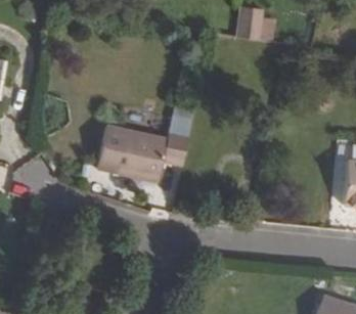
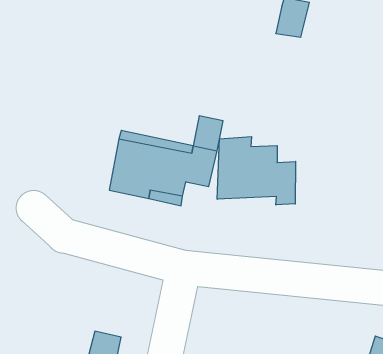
building: none -> [217,137,296,205]

